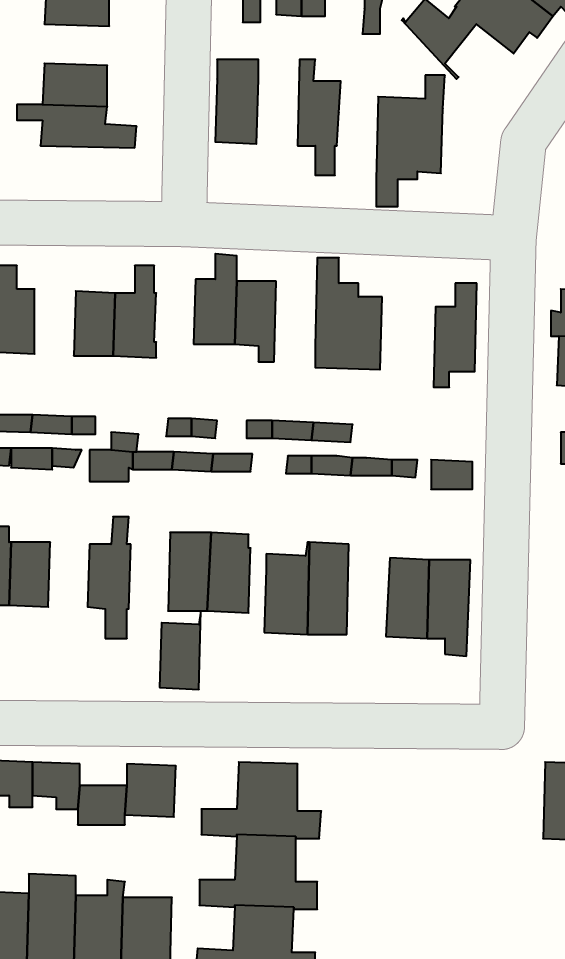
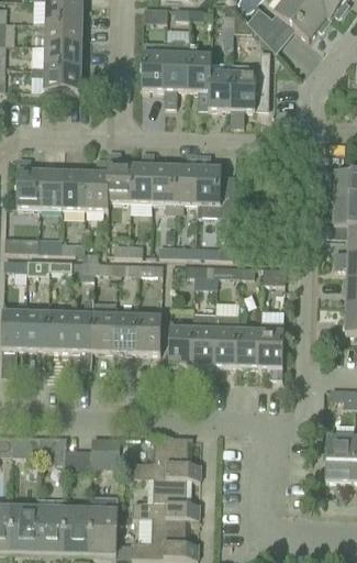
building: none -> [45,23,81,46]
building: none -> [164,40,188,106]
building: none -> [208,59,232,110]
building: none -> [107,151,130,202]
building: [434,283,477,387] -> [174,154,198,212]
building: none -> [40,172,63,209]
building: none -> [47,313,70,350]
building: none -> [214,314,238,366]
building: [160,611,201,689] -> [92,308,115,352]

